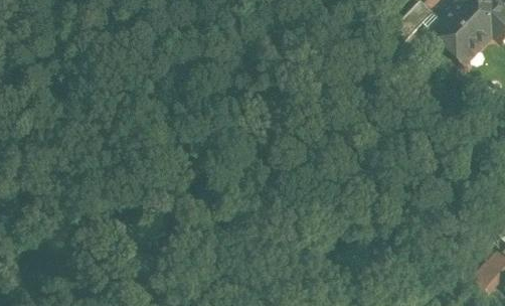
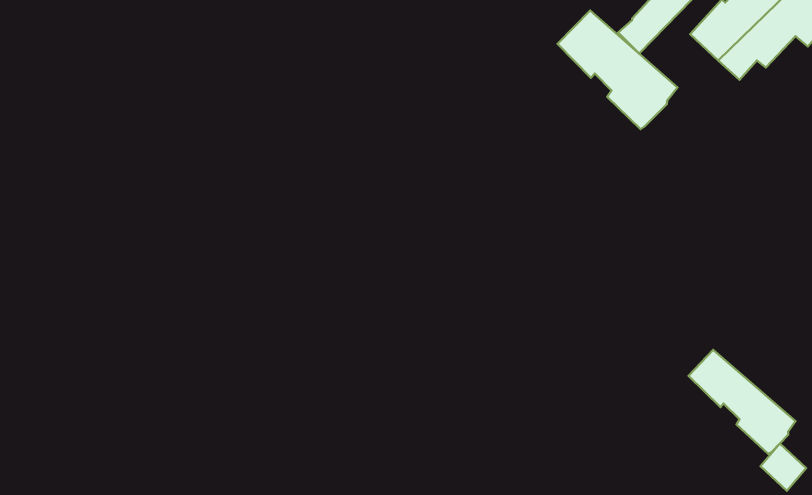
building: none -> [558,10,677,129]
building: none -> [689,350,796,454]

